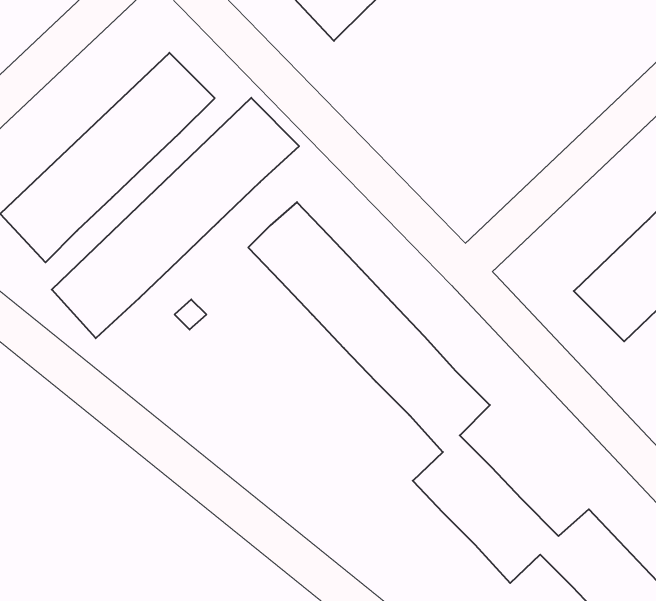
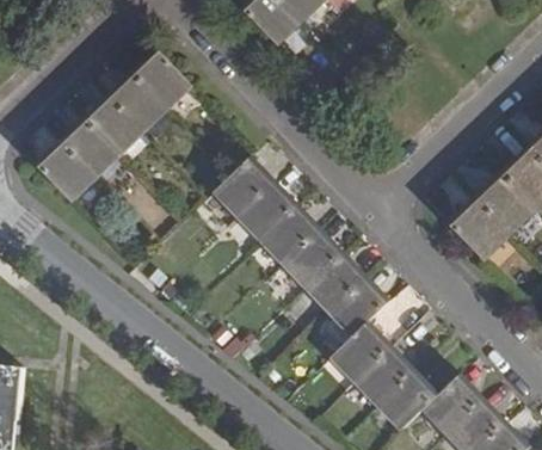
building: [52,98,299,338] -> none

